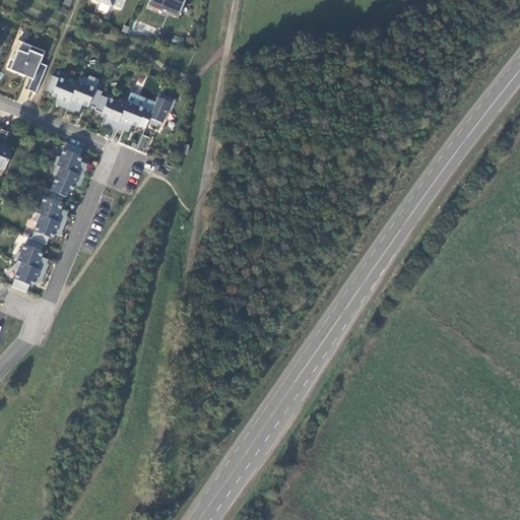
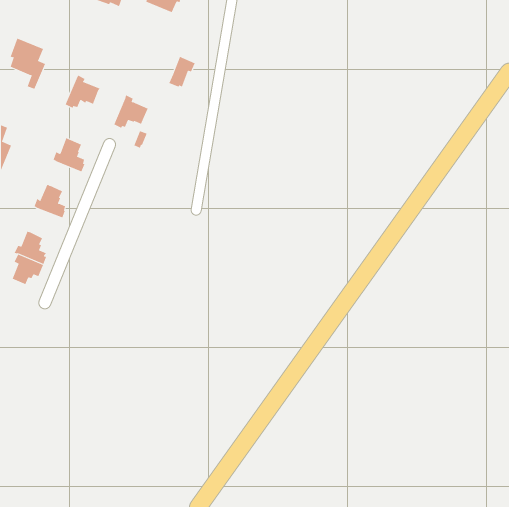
building: [46,73,77,107] -> none
building: [147,92,175,124] -> [169,56,195,87]
building: [94,93,127,127] -> none
building: [51,165,83,196] -> none
building: [31,212,64,244] -> none

